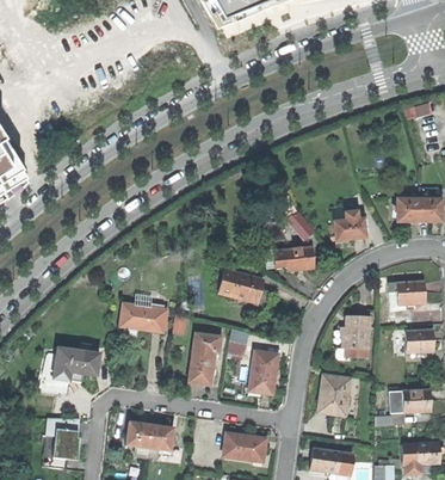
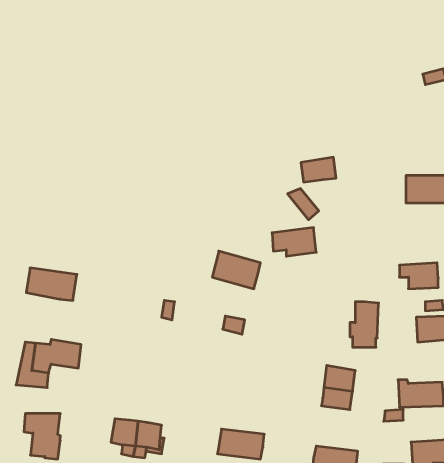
building: [334,220,366,242] -> [301,157,336,182]
building: [119,303,166,333] -> [26,268,77,300]
building: [187,333,221,386] -> none
building: [248,350,279,393] -> none

